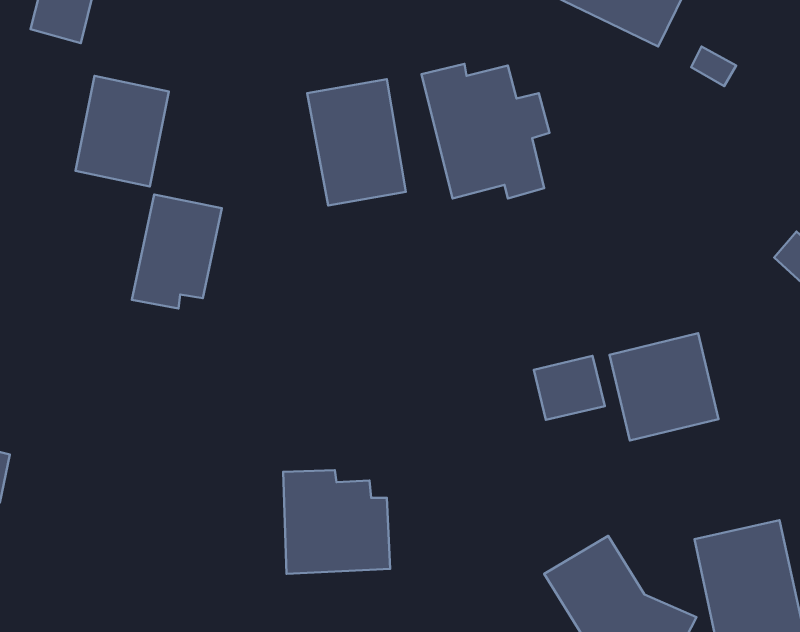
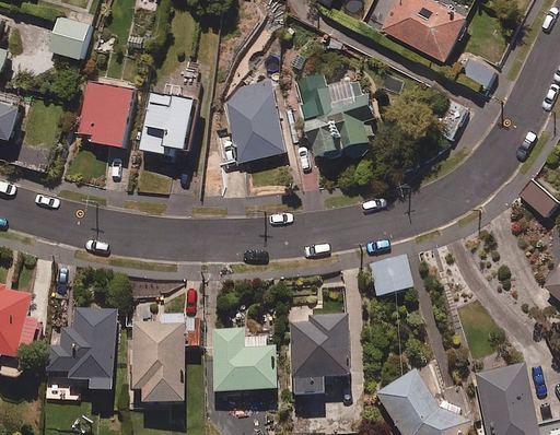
building: [132,194,222,308] -> [141,81,198,153]
building: [610,333,719,441] -> none
building: none -> [46,308,116,392]
building: none -> [129,314,198,404]
building: none -> [288,314,349,396]

